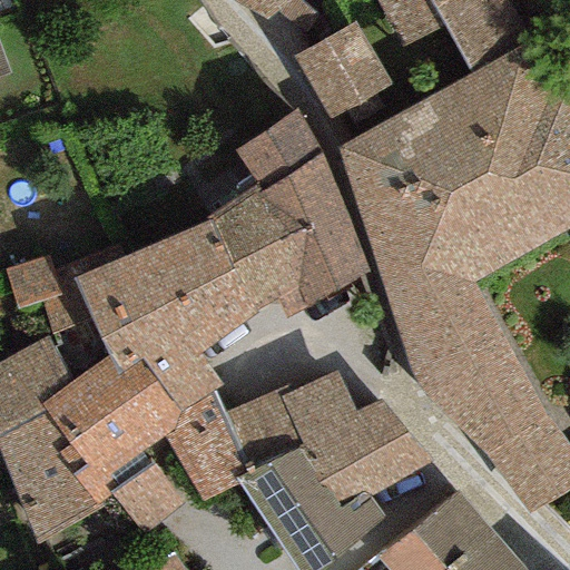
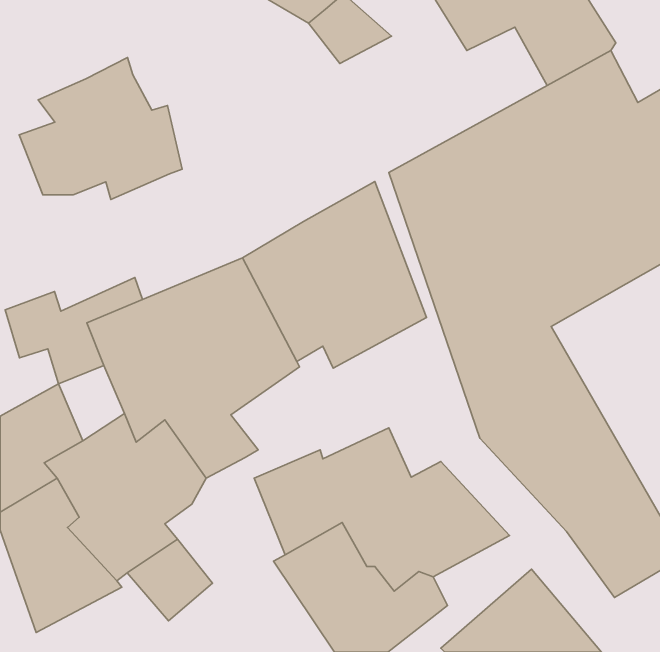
building: [294,20,396,118] -> none
building: none -> [19,57,182,199]
building: [235,106,324,190] -> none
building: [167,393,247,500] -> none

